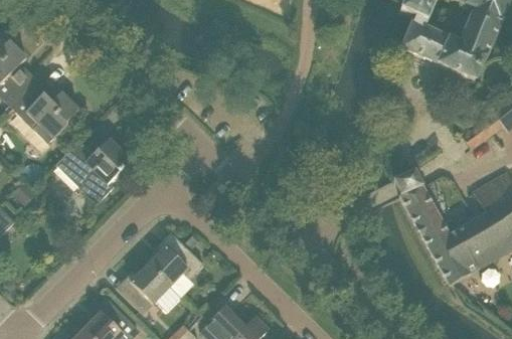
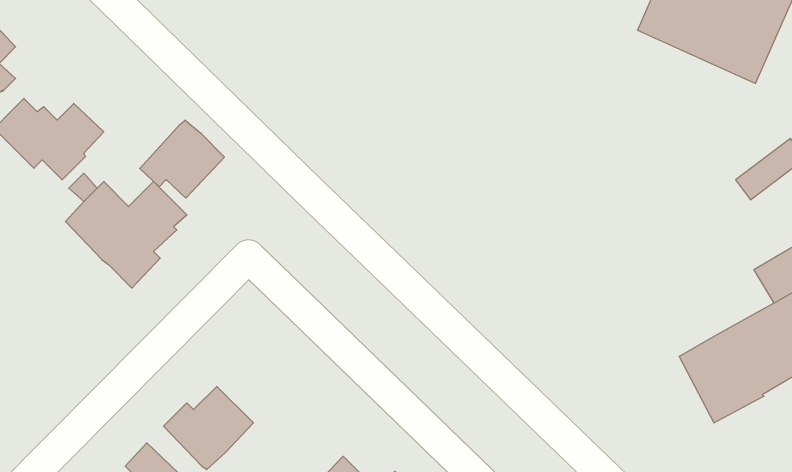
building: none -> [140,120,224,198]
building: [391,167,448,244] -> none
building: [147,230,202,285] -> none

